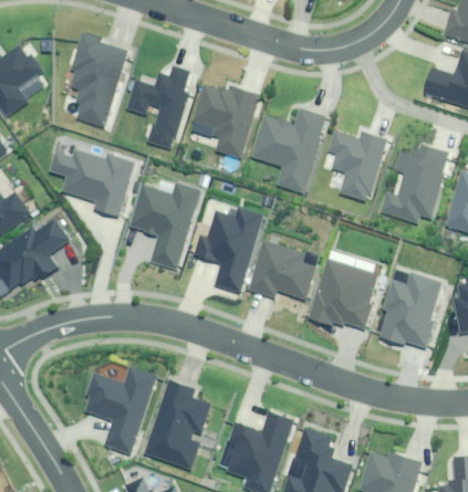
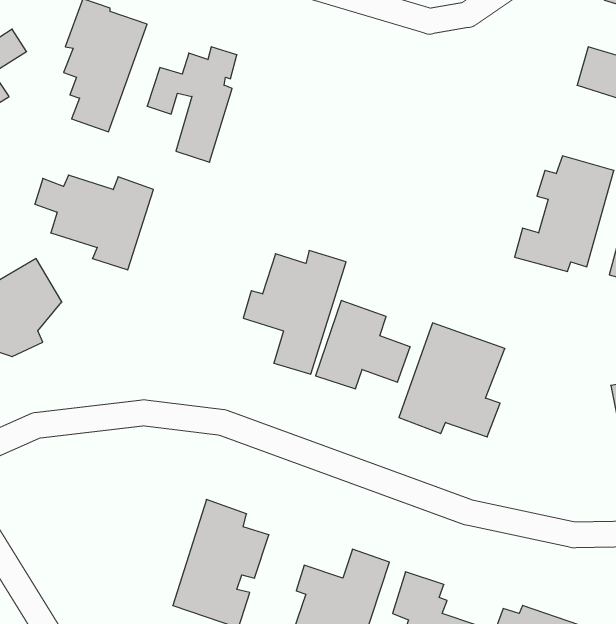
building: [194,84,260,160] -> none
building: [251,111,325,192] -> none
building: [327,128,388,200] -> none
building: [129,181,201,268] -> none
building: [382,272,443,347] -> none
building: [83,366,157,452] -> none

